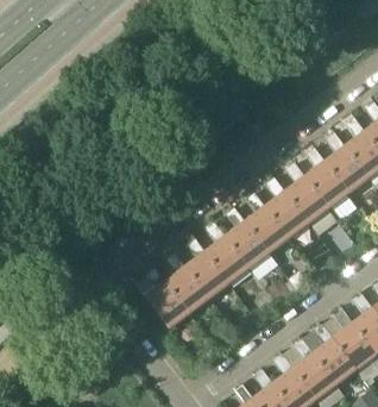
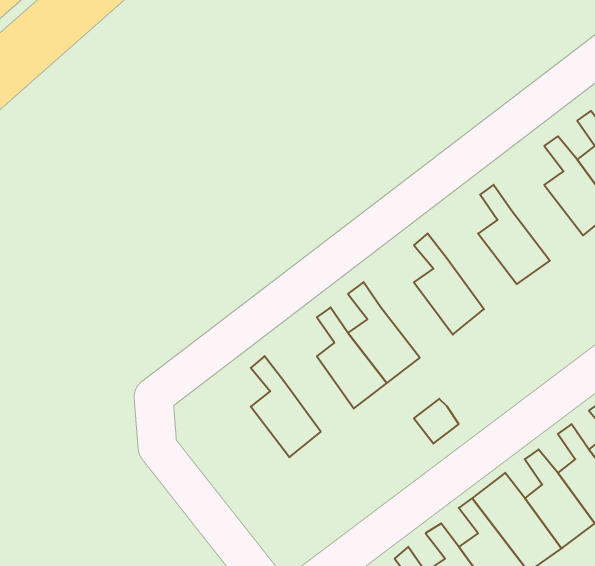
building: [326,132,370,194] -> none
building: [286,163,329,224] -> none
building: [246,193,290,253] -> none
building: [187,238,229,299] -> none
building: [146,268,190,330] -> none

